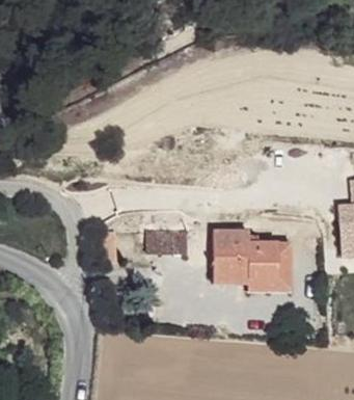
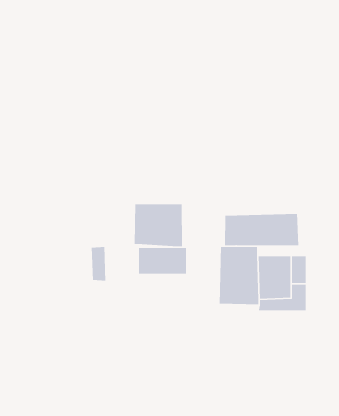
building: none -> [134,204,183,247]
building: none -> [224,213,299,246]

